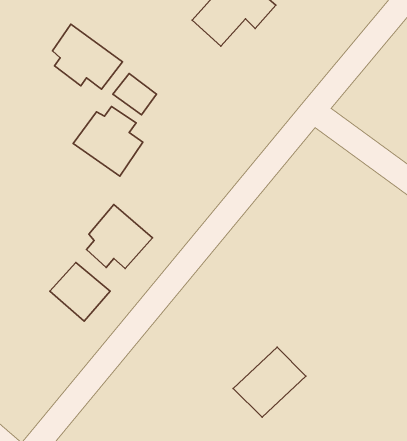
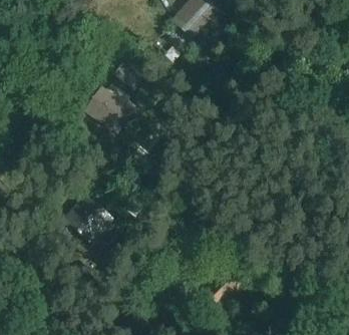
building: [53,24,123,89] -> none
building: [87,204,152,268] -> none

